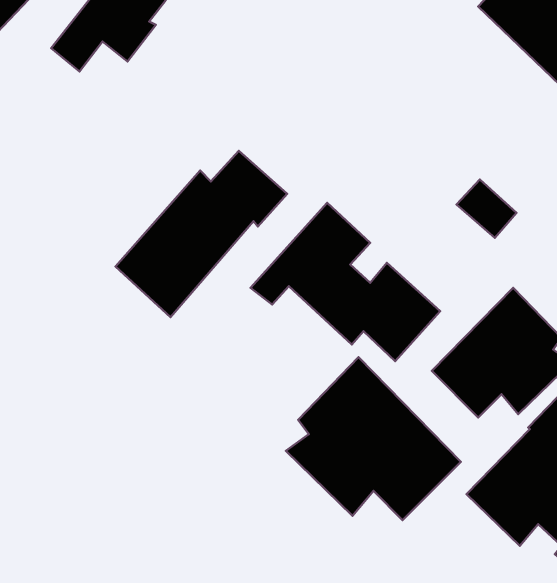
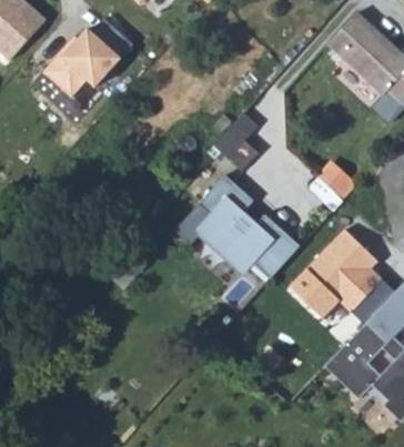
building: none -> [215,114,259,170]
building: [115,151,287,317] -> none
building: [286,357,461,520] -> none

